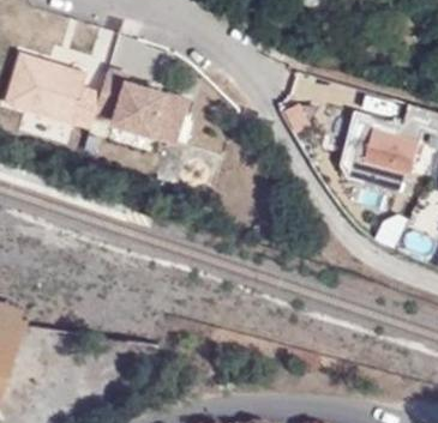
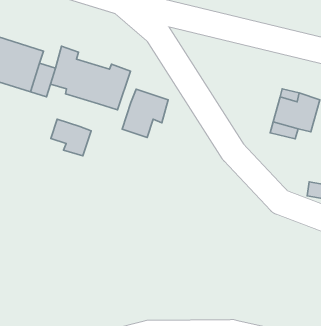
building: none -> [122,89,168,138]
building: none -> [51,119,91,156]

